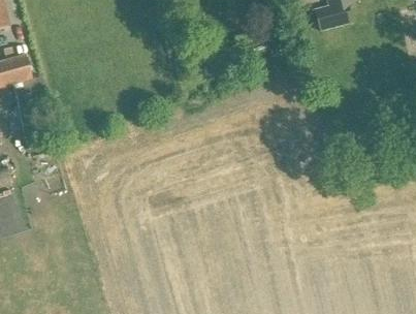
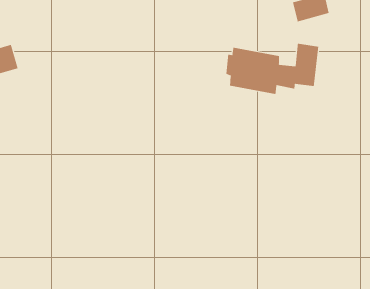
building: none -> [226,43,319,95]

